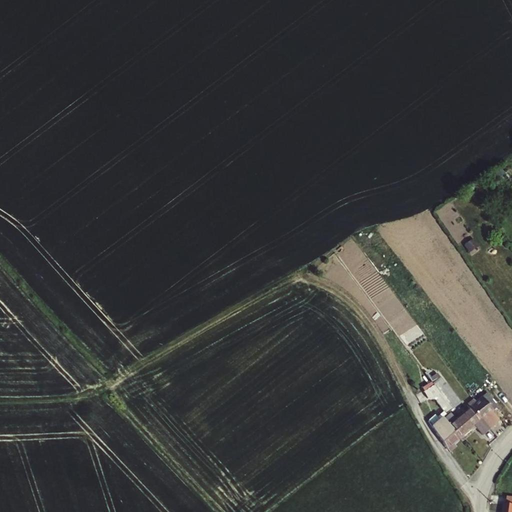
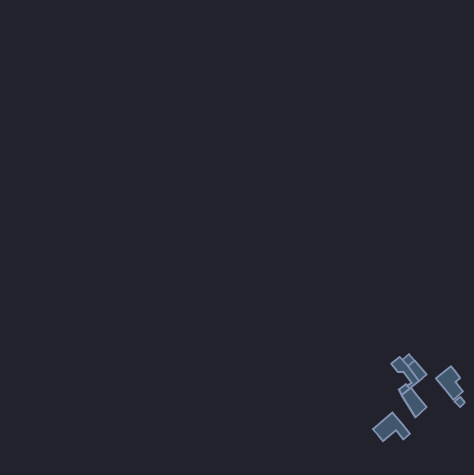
building: [449,407,489,438] -> [373,412,410,441]

